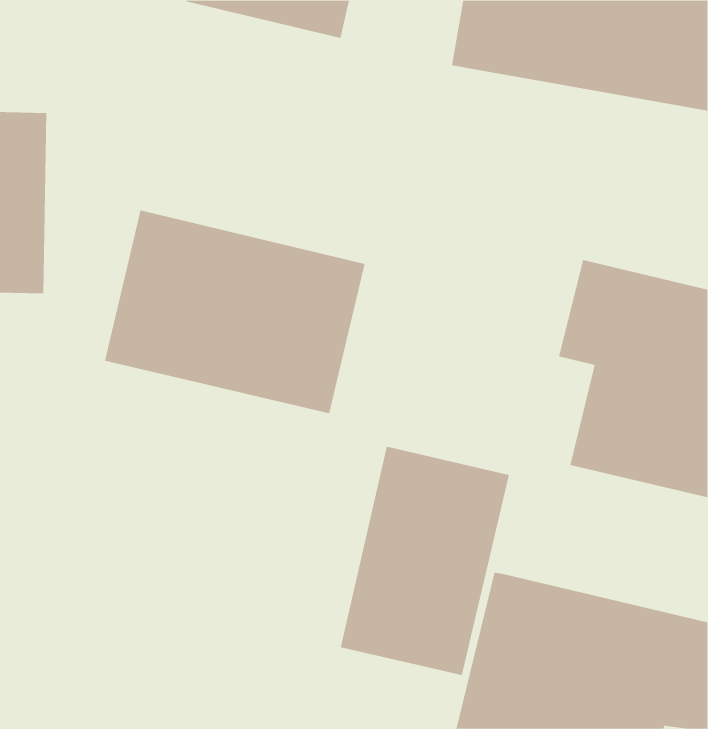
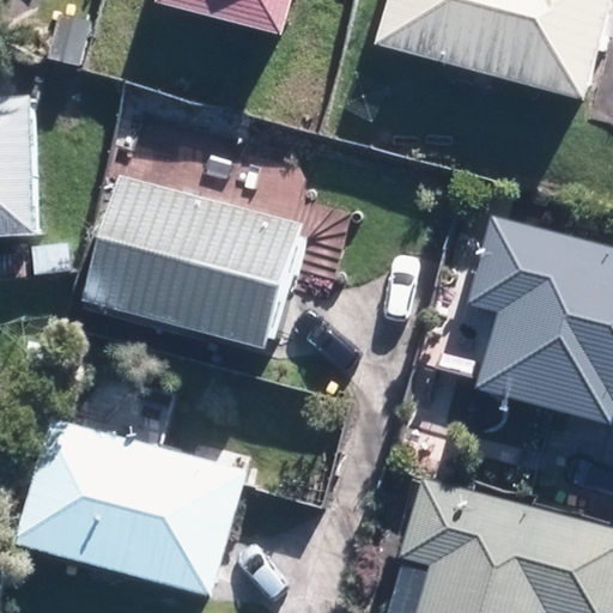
building: [340,446,509,676] -> none
building: none -> [19,421,254,597]

